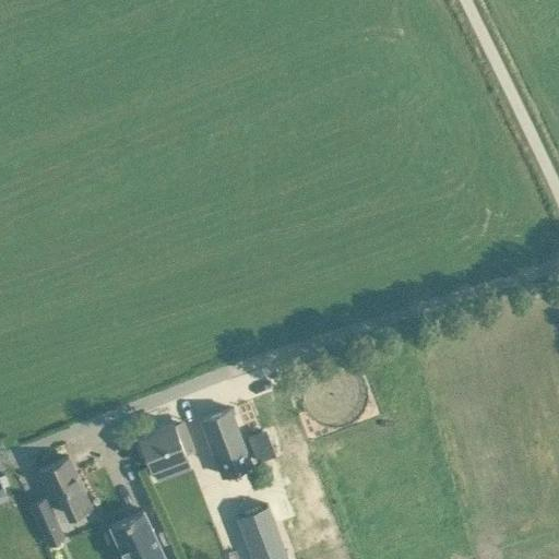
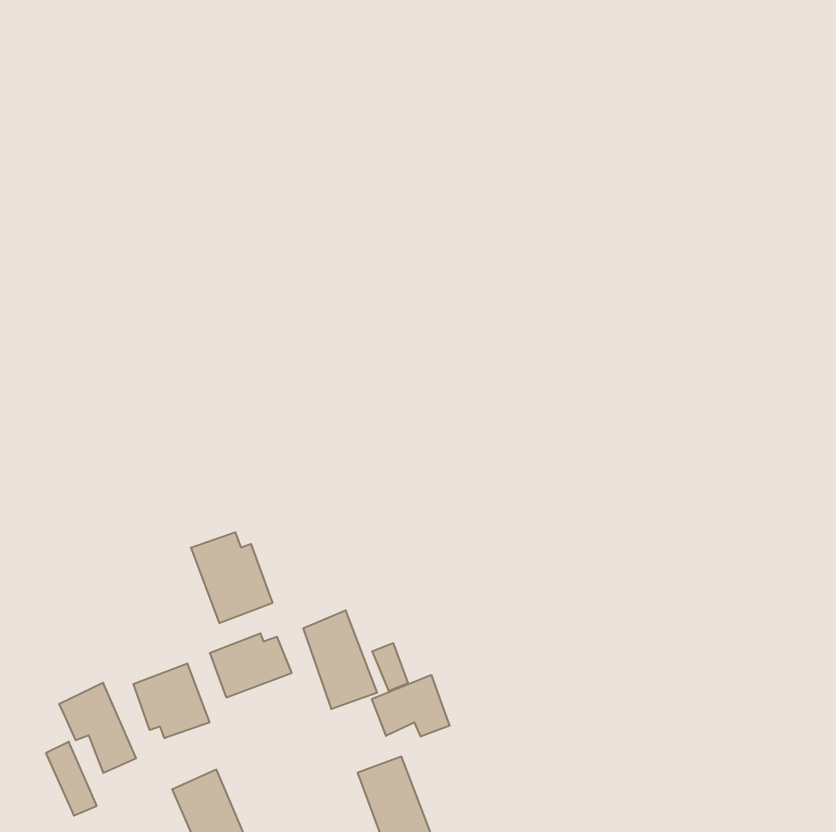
building: none -> [191,532,272,623]
building: none -> [133,663,209,738]
building: none -> [372,675,450,737]

